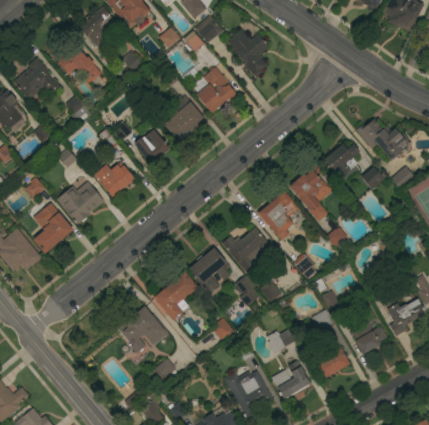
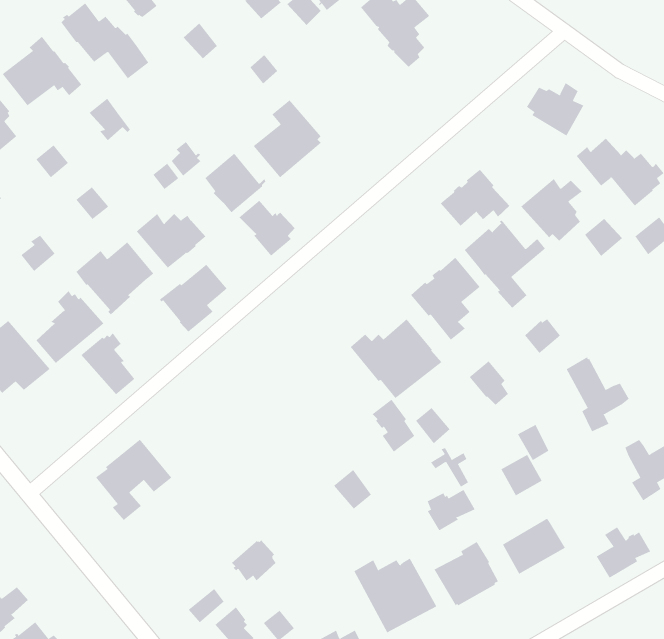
building: [196,66,237,113] -> none
building: none -> [526,82,584,137]
building: none -> [440,169,510,226]
building: none -> [238,200,296,257]
building: none -> [159,264,227,332]
building: none -> [81,333,135,395]
building: [188,247,231,293] -> none
building: none -> [566,356,629,432]
building: [153,272,198,321] -> none
building: [118,306,164,355] -> [95,439,172,521]
building: [355,323,388,354] -> [596,527,651,578]

